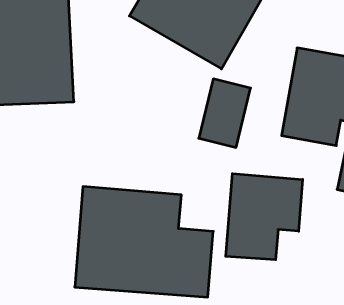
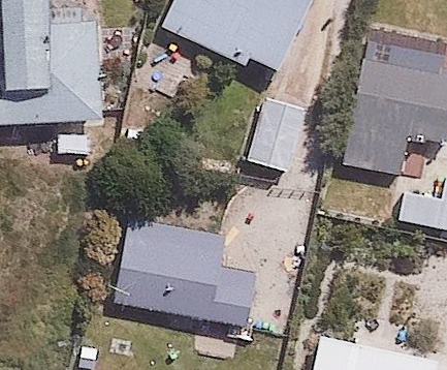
building: [226,174,303,260] -> none

